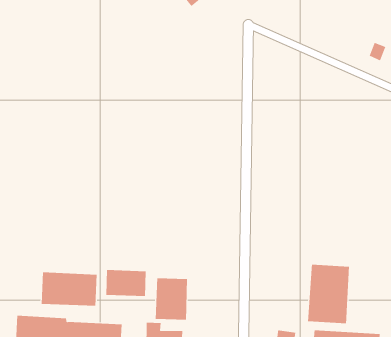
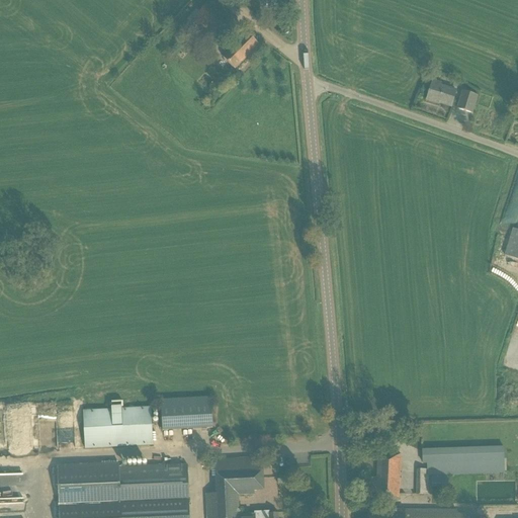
building: none -> [427,79,455,104]
building: [308,264,349,324] -> none
building: [155,277,187,321] -> none

